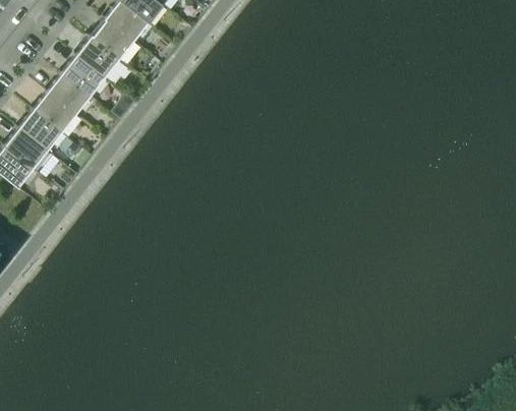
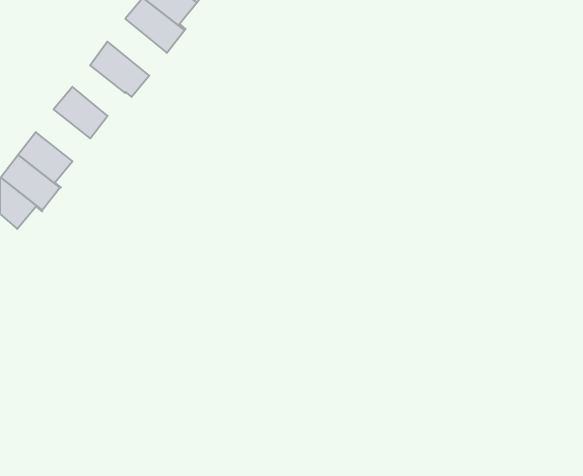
building: [90,19,137,65] -> none
building: [61,57,104,98] -> none
building: [32,93,75,134] -> none

